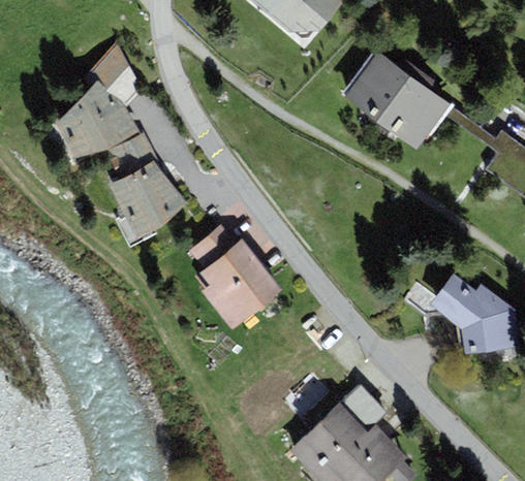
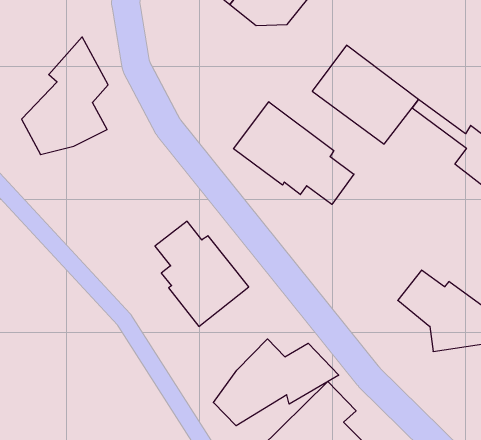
building: none -> [234,102,354,204]
building: [107,132,185,239] -> none
building: none -> [213,339,339,426]

